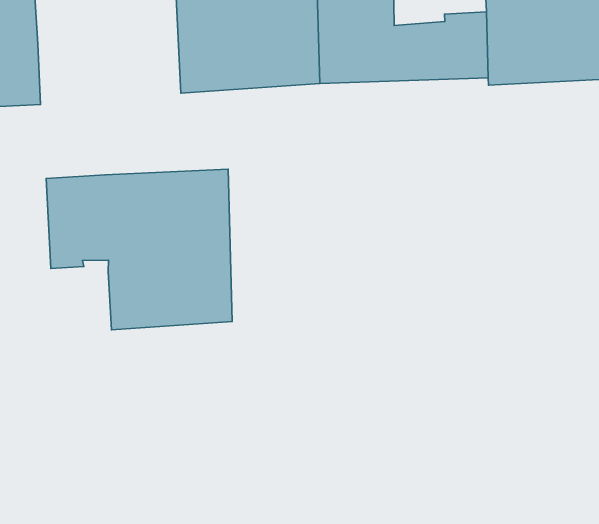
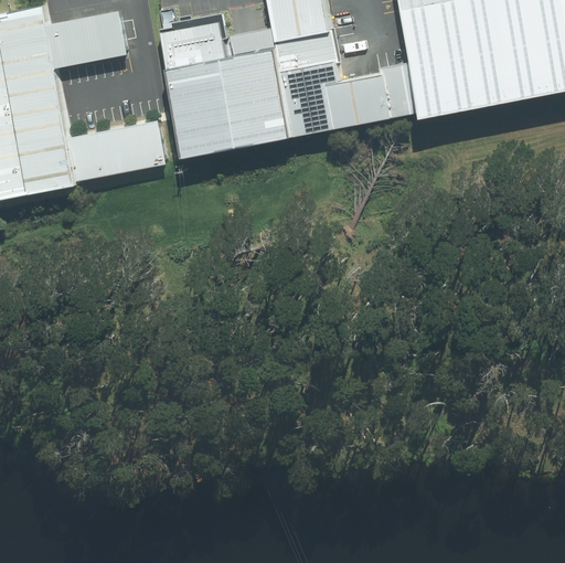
building: none -> [67,119,166,183]
building: [46,169,232,330] -> none

